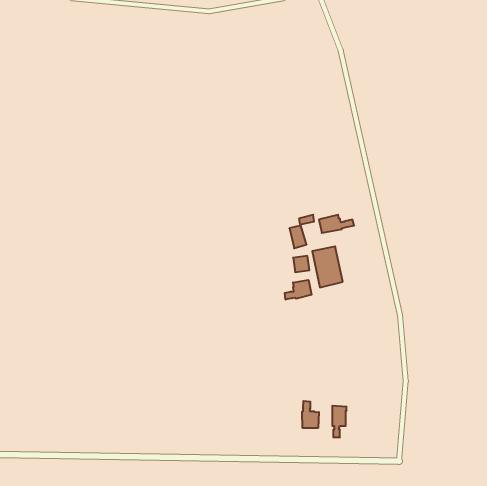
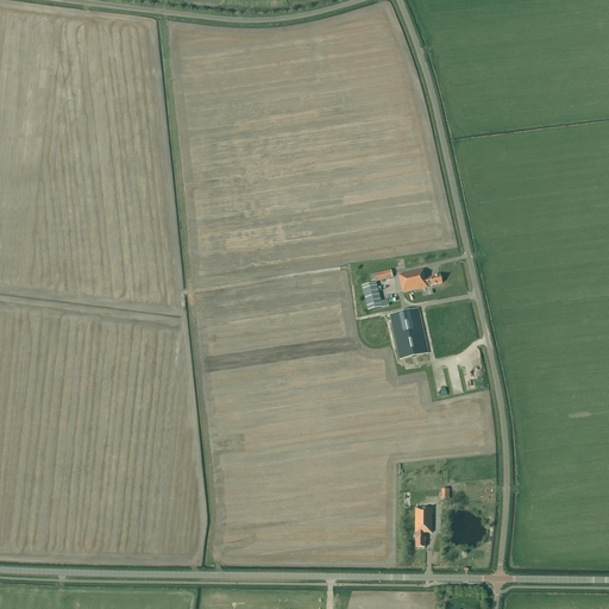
building: [285,280,312,300] -> none
building: [302,401,319,428] -> none

